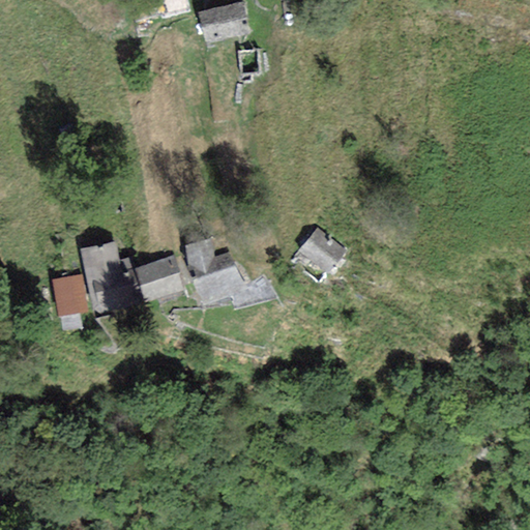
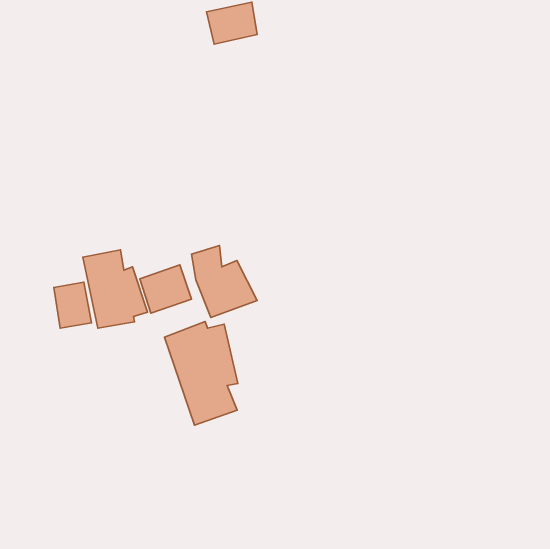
building: [298,228,345,272] -> none
building: none -> [164,322,238,425]

